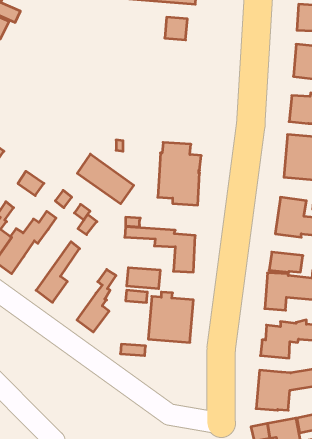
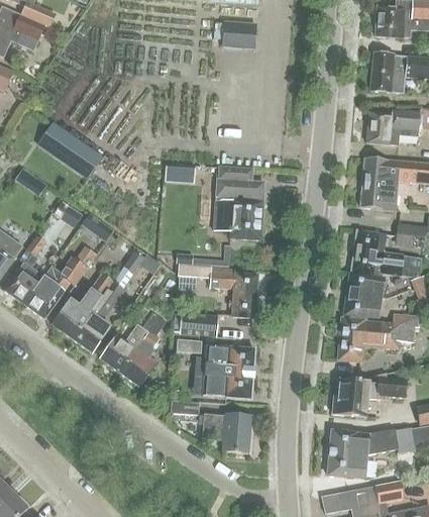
building: [77,154,134,204] -> [35,120,101,178]
building: none -> [346,272,387,297]
building: none -> [52,273,113,337]
building: none -> [100,323,149,372]
building: none -> [202,413,251,452]

